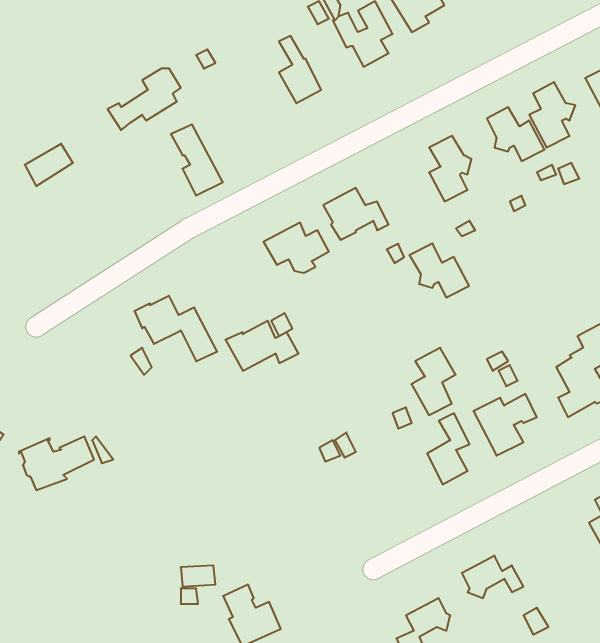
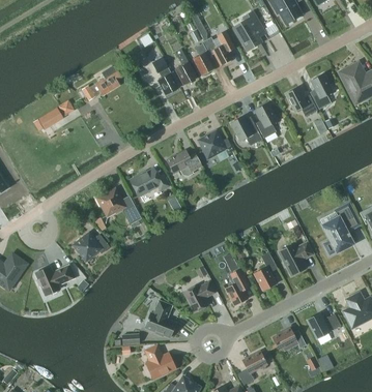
building: none -> [192,43,214,77]
building: [171,124,223,196] -> [151,57,179,95]
building: [409,243,469,297] -> [230,117,262,146]
building: [225,321,299,371] -> [131,169,170,195]
building: [411,348,456,415] -> [225,269,249,305]
building: none -> [71,233,110,261]
building: none -> [182,281,214,312]
building: none -> [144,300,175,338]
building: none -> [306,313,340,339]

